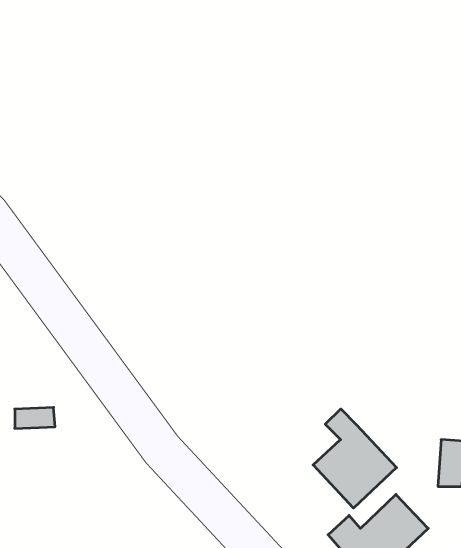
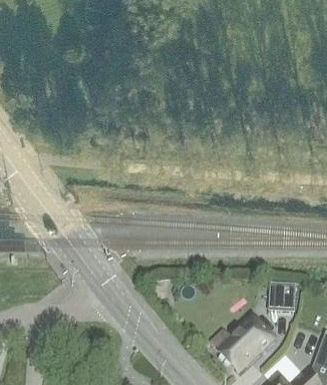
building: [313,409,397,508] -> none

